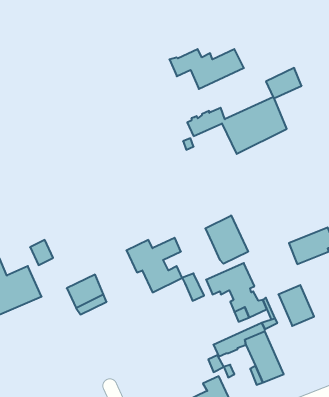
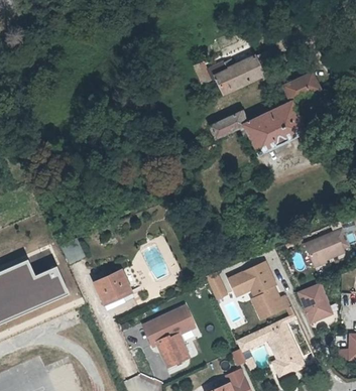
building: [205,215,248,264] -> none
building: [126,238,182,292] -> [144,313,198,366]

